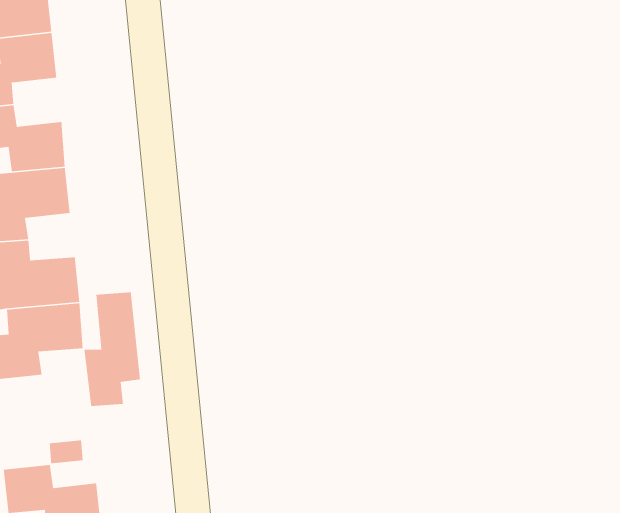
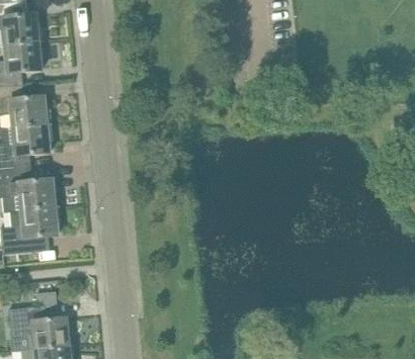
building: [84,291,141,407] -> none

